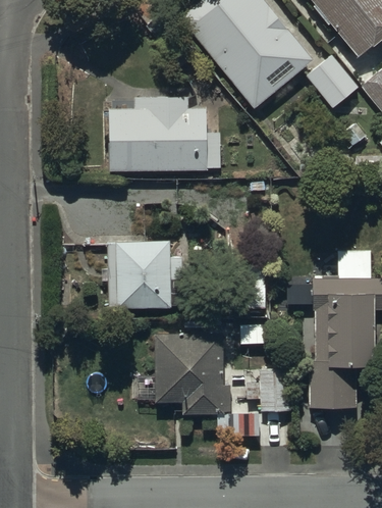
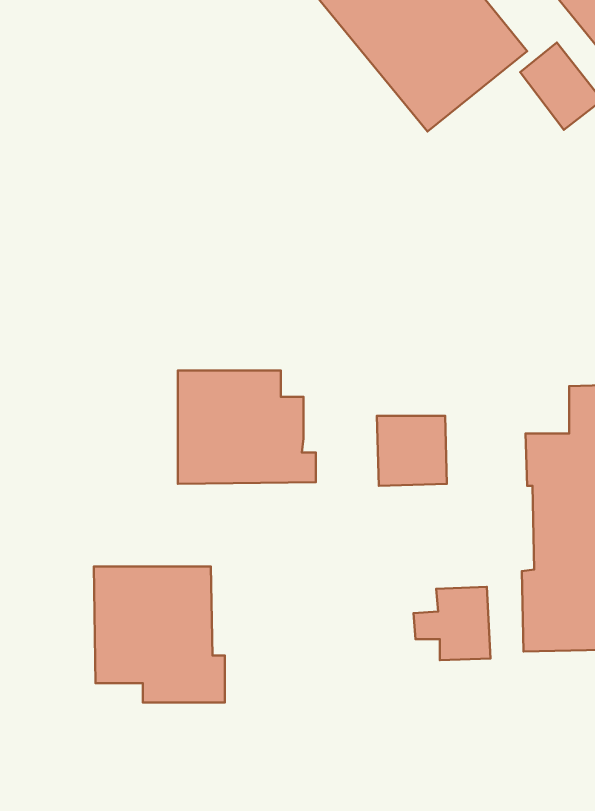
building: [109,98,221,171] -> none
building: [154,328,230,408] -> [94,566,225,703]

